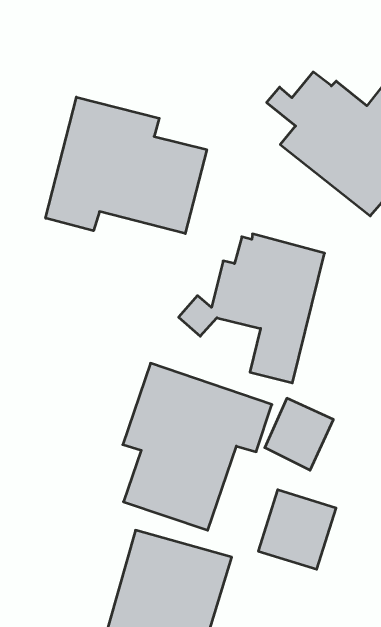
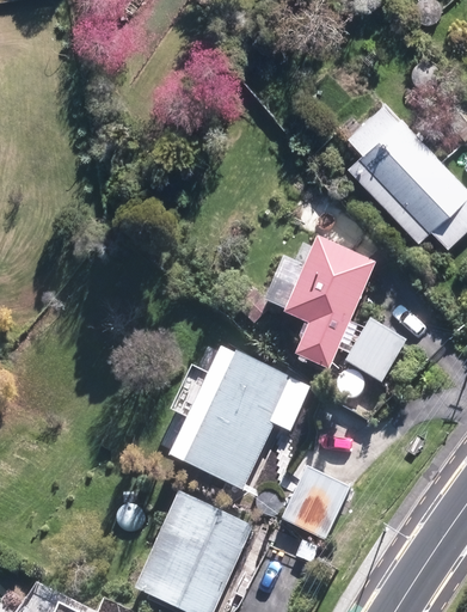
building: [46,97,207,234] -> none
building: [265,398,333,470] -> [345,319,408,385]

